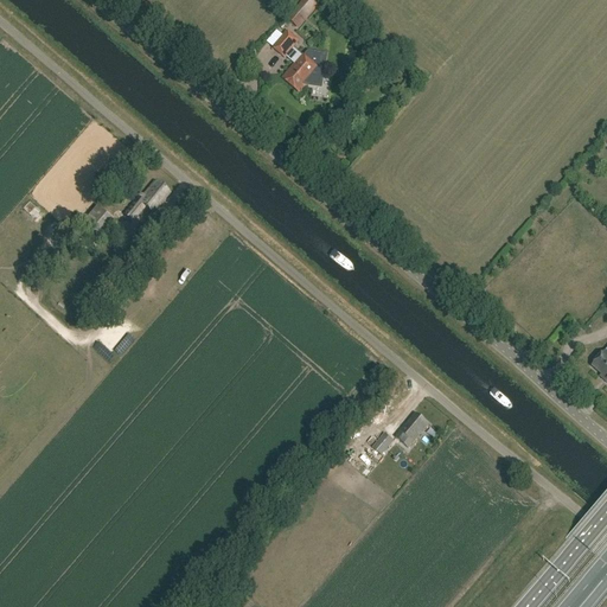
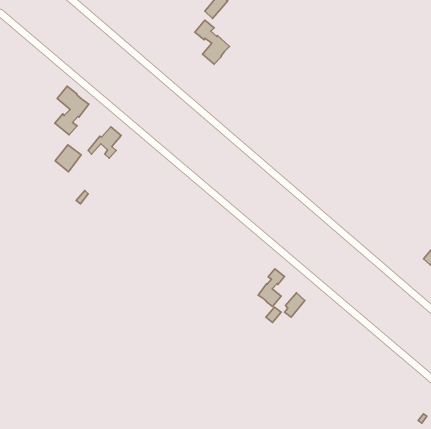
building: none -> [55,86,89,135]
building: none -> [258,269,285,307]

